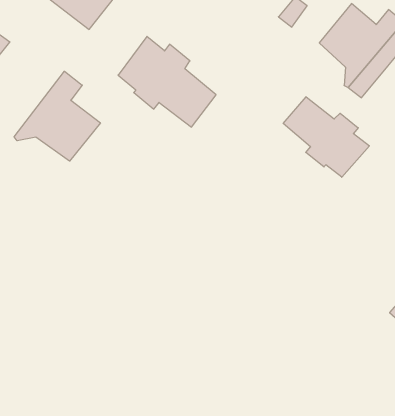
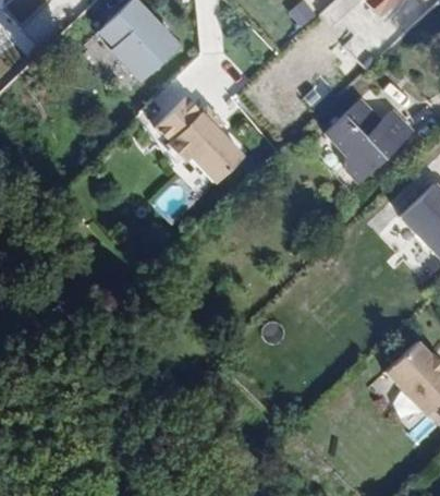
building: [14,71,100,161] -> none
building: [283,97,369,177] -> none

